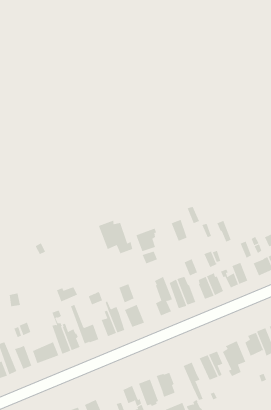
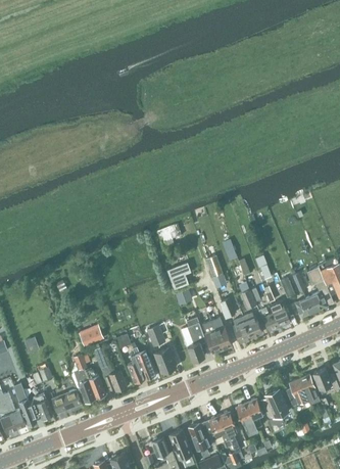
building: [98,220,133,254] -> none
building: none -> [204,415,232,449]

